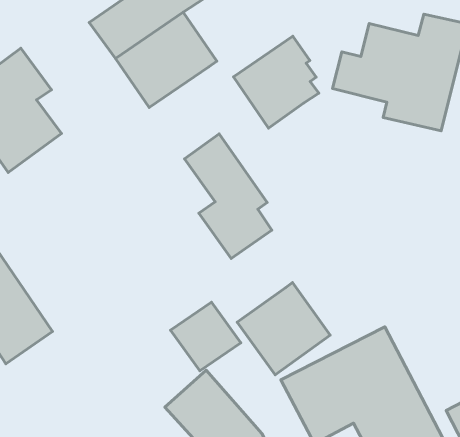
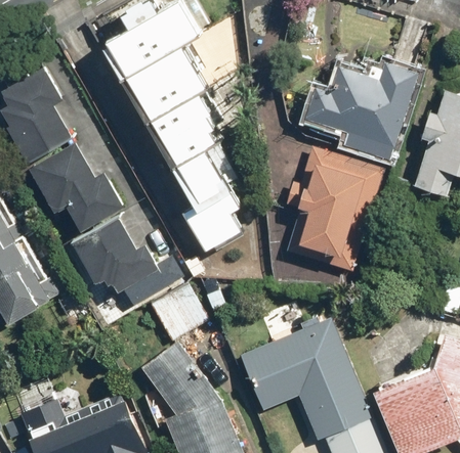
building: [234,36,319,128] -> [149,91,218,166]
building: none -> [284,147,383,273]
building: none -> [28,142,126,231]
building: none -> [73,215,190,308]
building: [237,283,330,375] -> none

